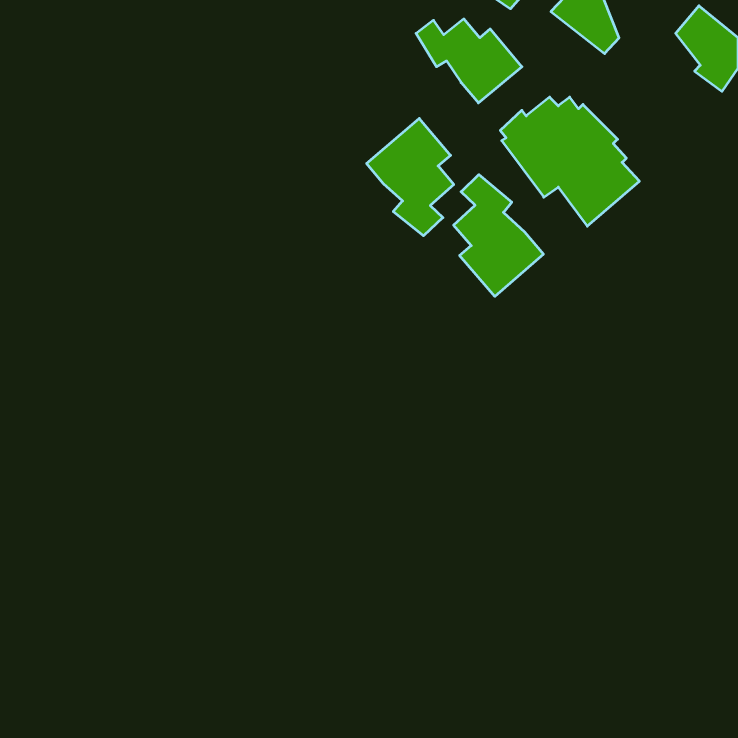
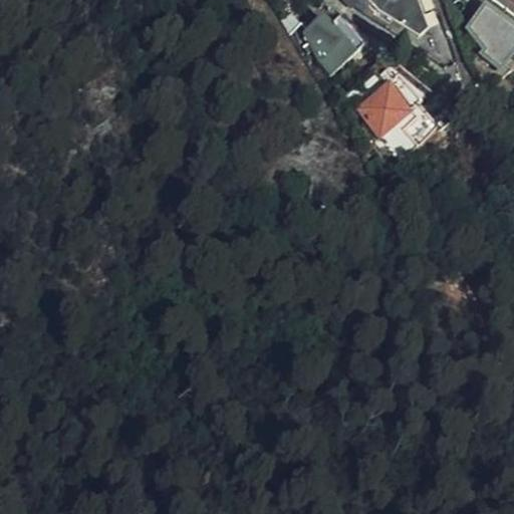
building: [367,118,454,236] -> none
building: [454,175,543,296] -> none

